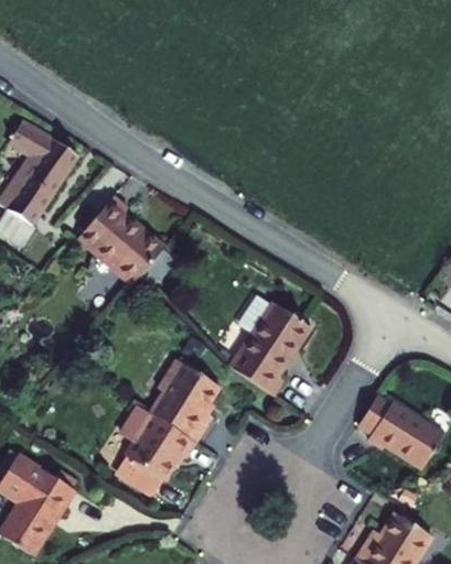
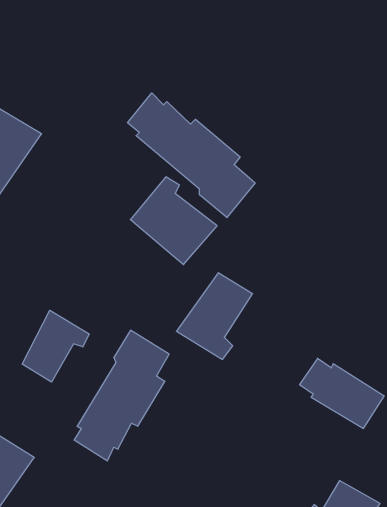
building: none -> [128,93,255,218]
building: [77,192,169,284] -> [130,177,217,265]
building: none -> [22,310,89,382]

